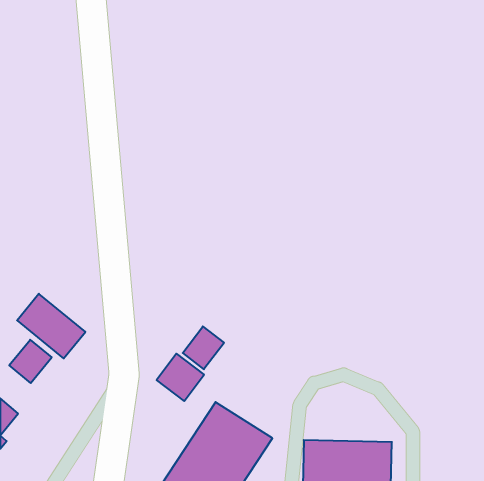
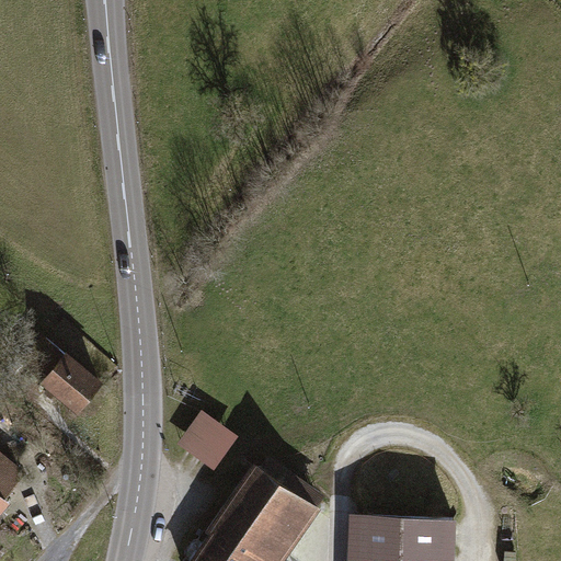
building: [183,326,224,369] -> none
building: [9,340,52,383] -> none

